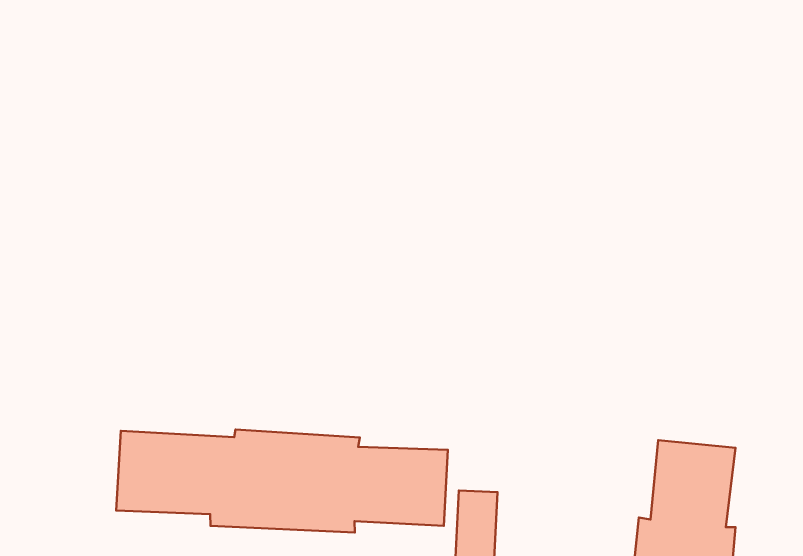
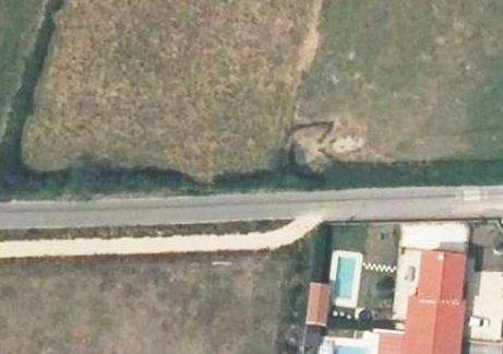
building: [116,430,448,533] -> none

